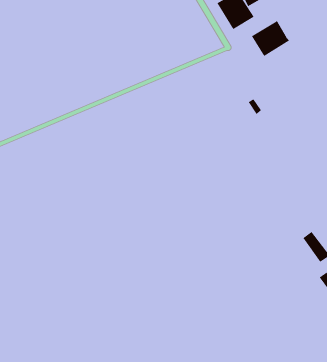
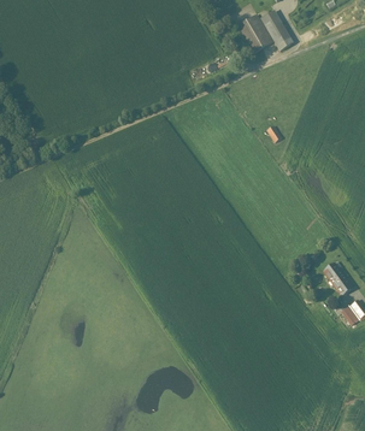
building: [251,20,290,57] -> none

